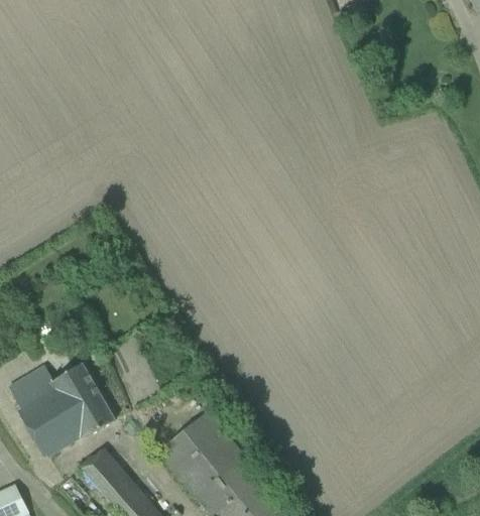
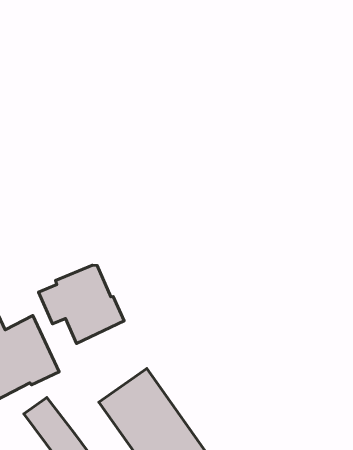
building: none -> [38,265,124,343]

